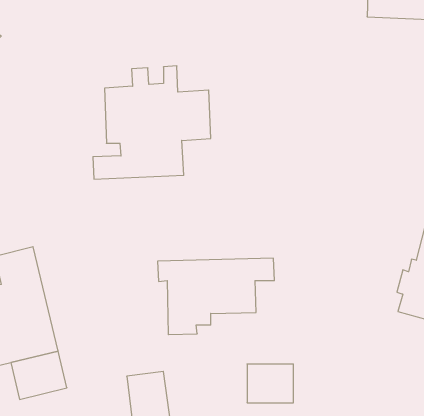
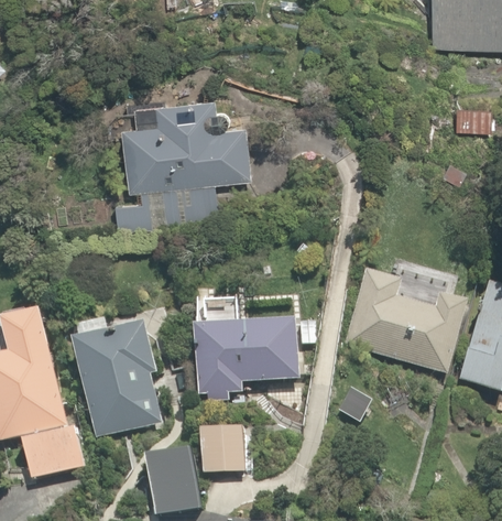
building: none -> [348,256,473,371]
building: none -> [67,308,149,436]
building: [247,364,293,403] -> [203,430,255,474]

